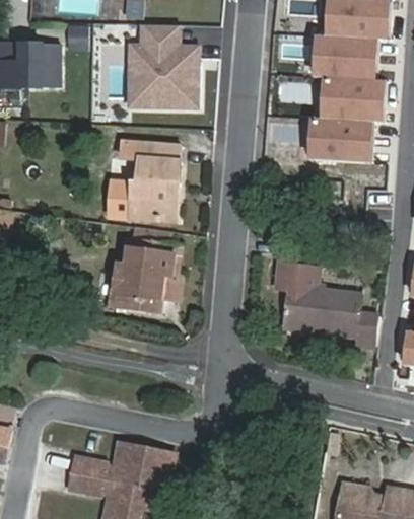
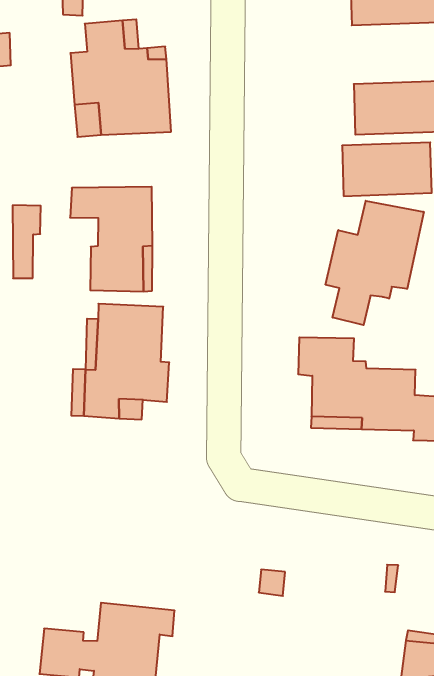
building: [321,40,387,79] -> none
building: [114,161,138,215] -> [13,205,41,278]
building: none -> [326,201,424,325]

